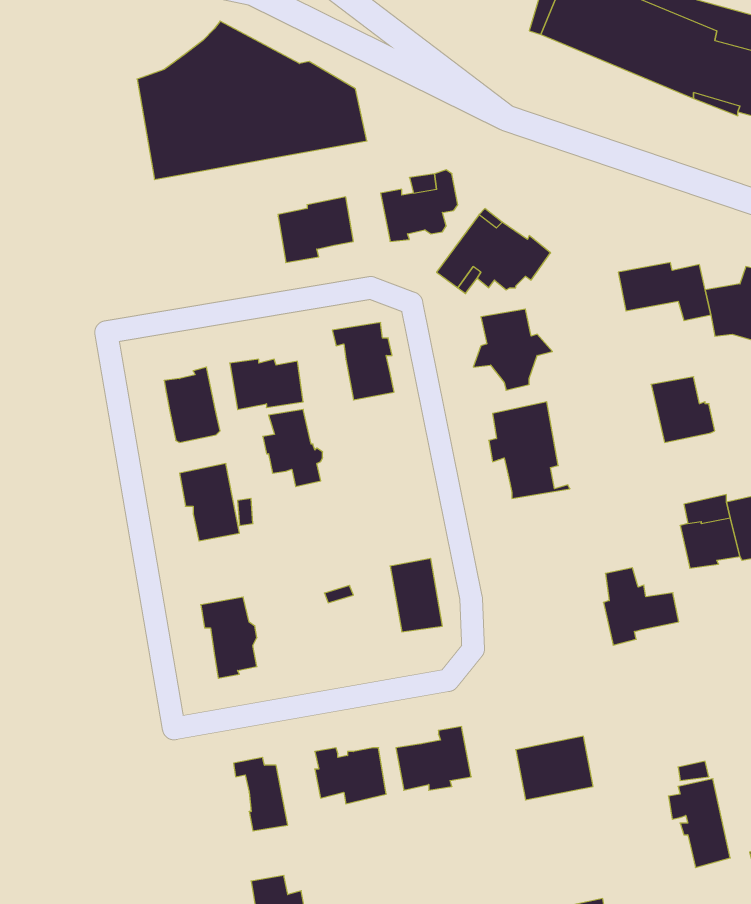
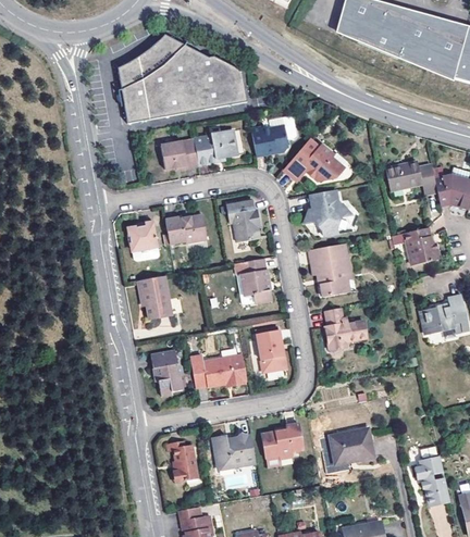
building: none -> [162,138,200,168]
building: [263,409,323,487] -> [240,259,274,302]
building: [603,568,679,645] -> [326,308,369,351]
building: none -> [193,355,247,389]

